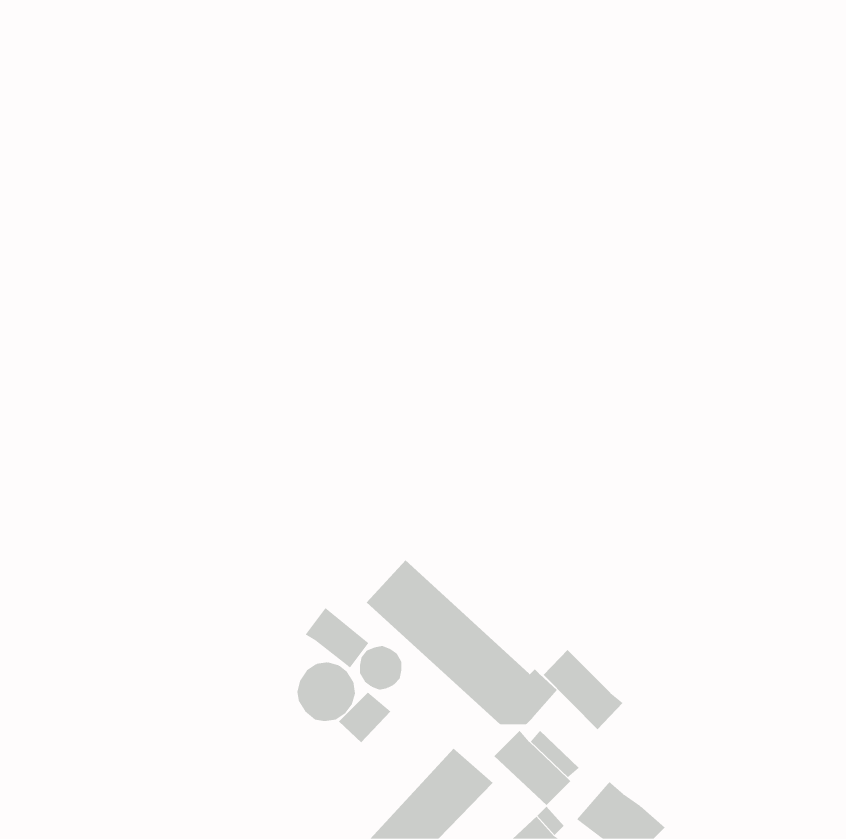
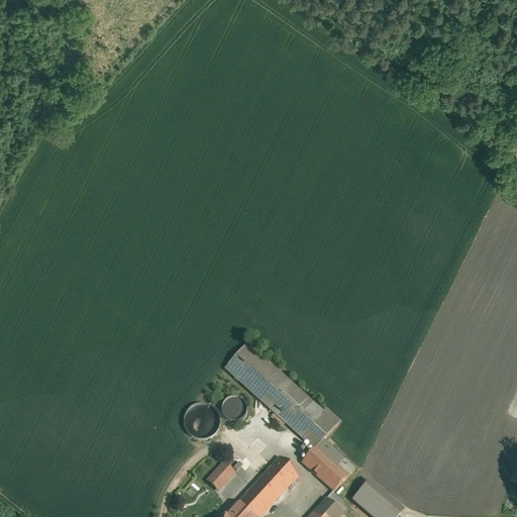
building: [305,607,369,668] -> none
building: [543,649,623,730] -> none
building: [338,692,391,743] -> [204,460,236,492]

